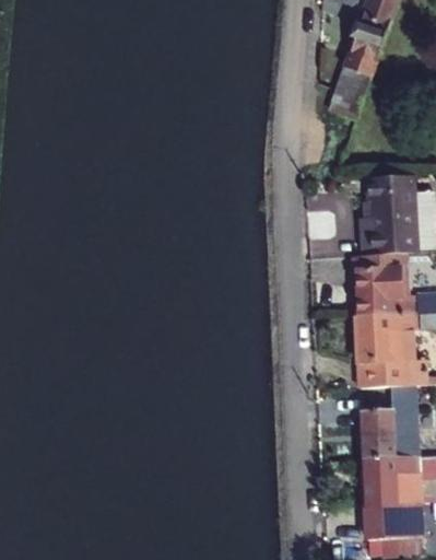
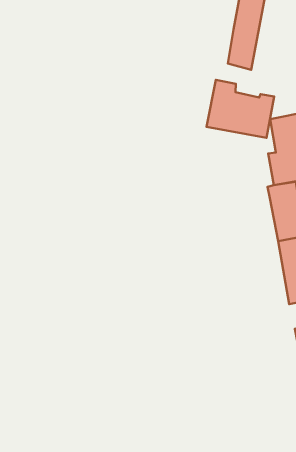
building: none -> [206,80,274,138]

